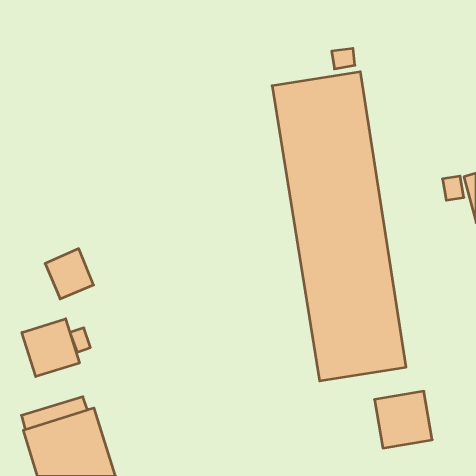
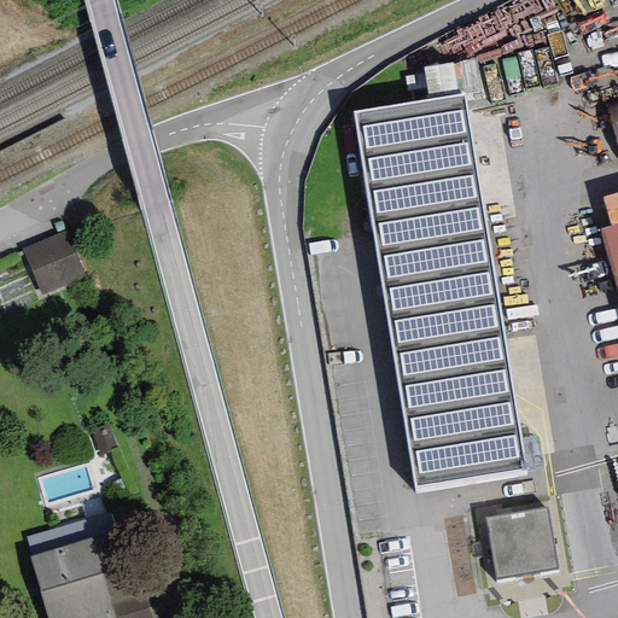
building: [45,249,94,299] -> [23,231,86,296]
building: [22,319,79,377] -> none

